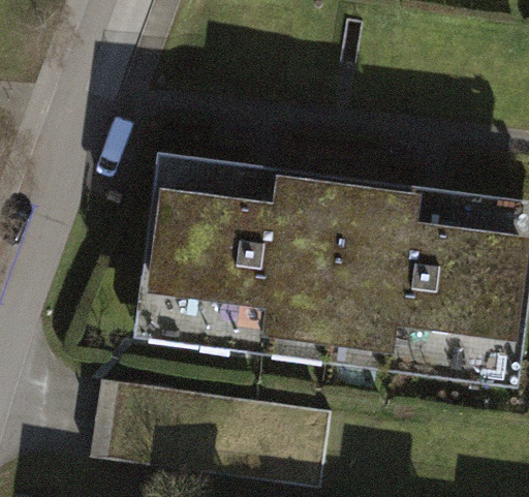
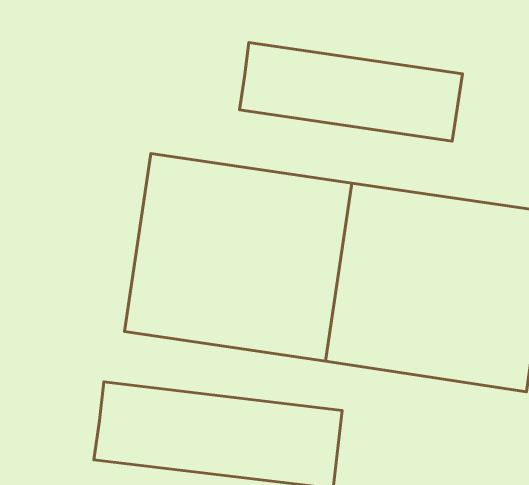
building: none -> [240,42,463,141]

